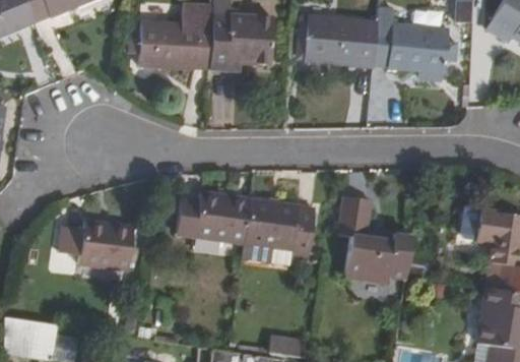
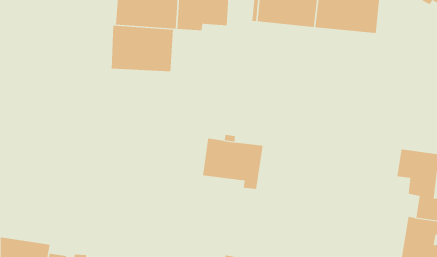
building: none -> [111,25,173,72]
building: [176,191,249,243] -> none
building: [337,194,409,280] -> none
building: [57,217,140,269] -> none

